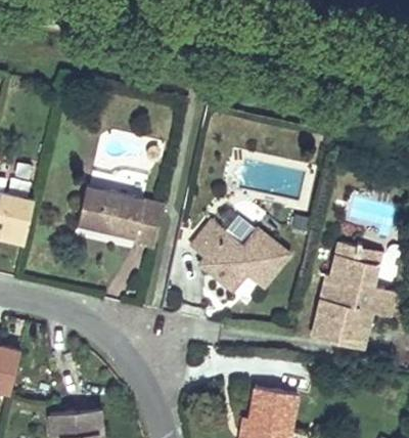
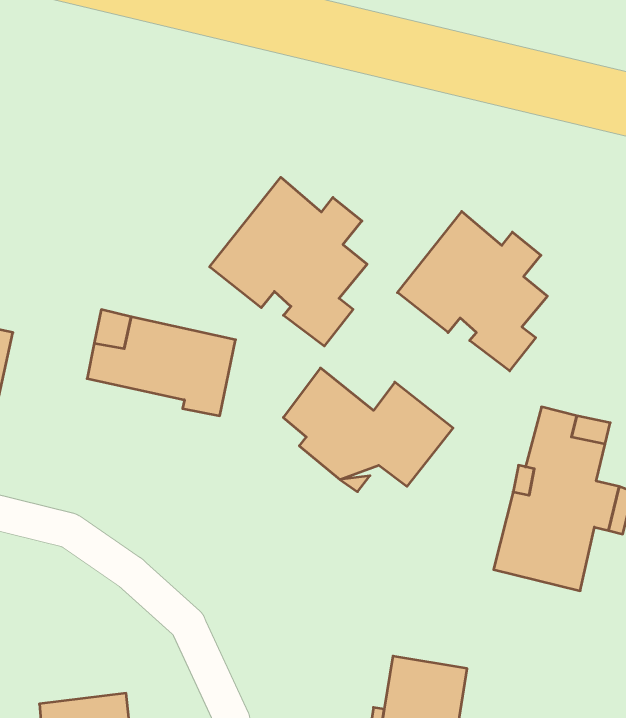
building: none -> [210,177,367,346]
building: none -> [397,211,547,371]

